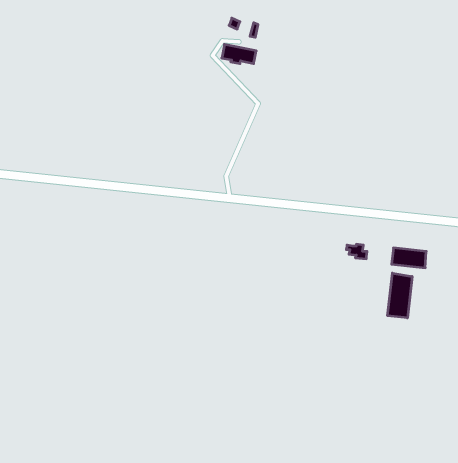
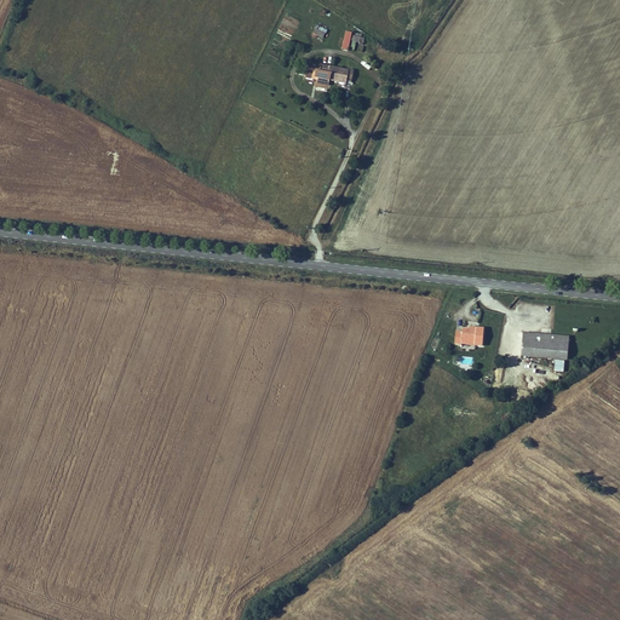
building: [388,273,412,318] -> none

